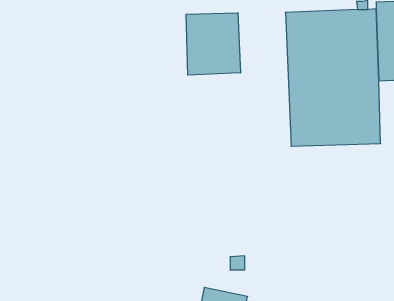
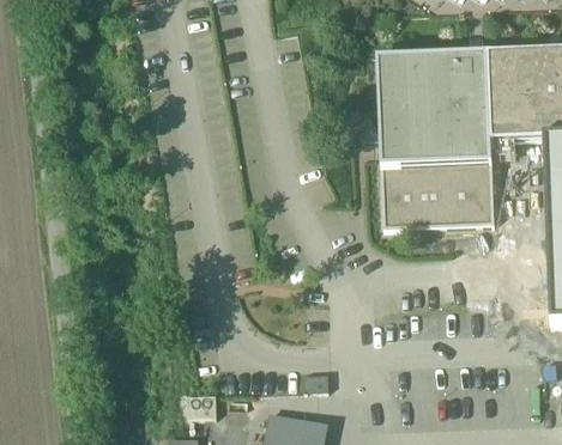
building: [186,13,241,75] -> none

